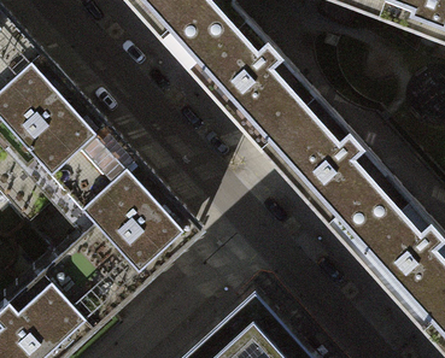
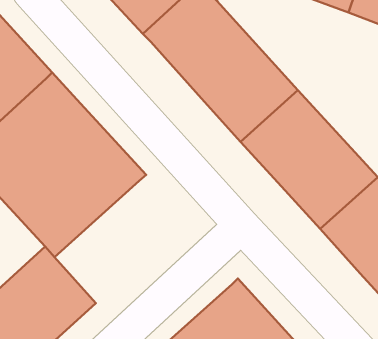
building: [66,186,203,317] -> none

